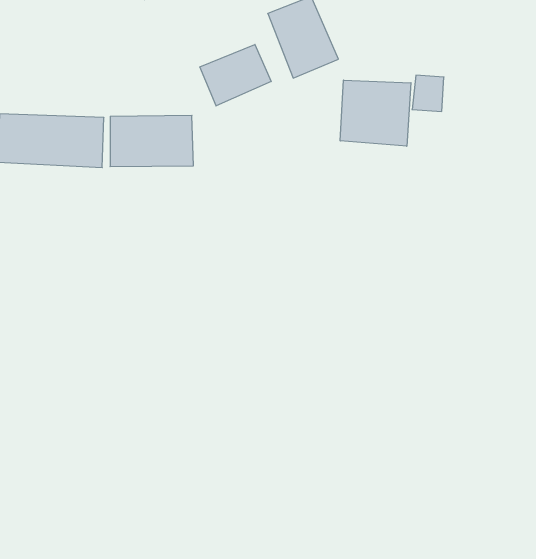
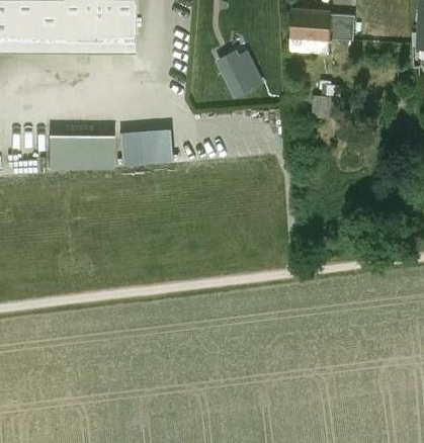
building: [200,44,271,106] -> none
building: [340,80,411,146] -> none

